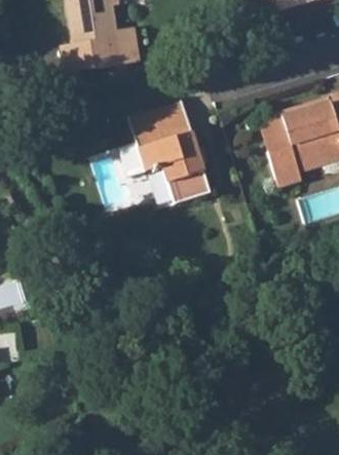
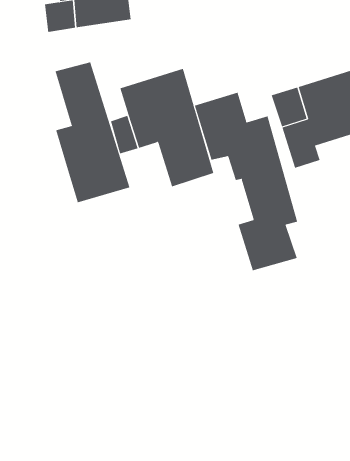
building: none -> [55,61,130,203]
building: none -> [194,92,298,271]

